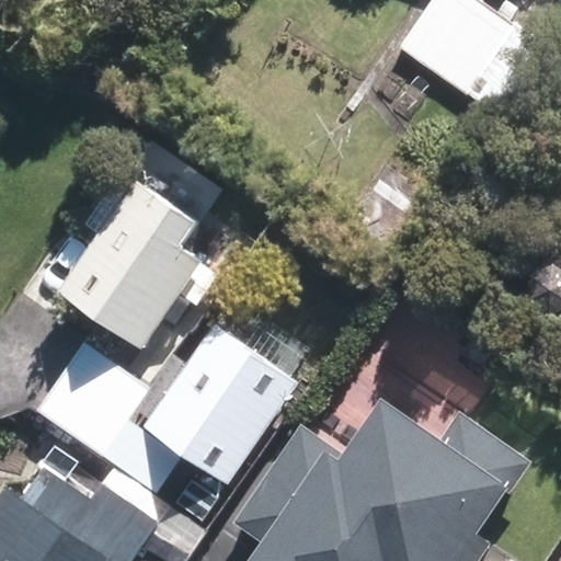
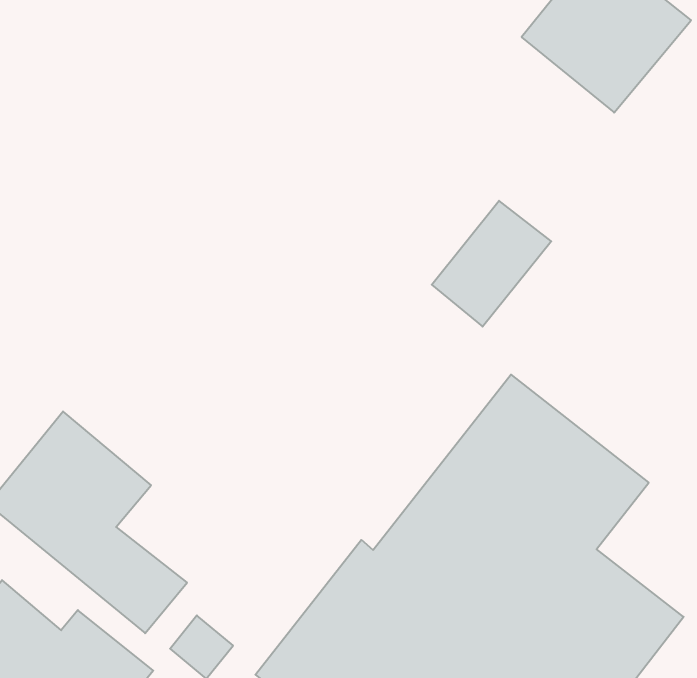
building: [57,181,202,351] -> none
building: [140,327,298,486] -> none

